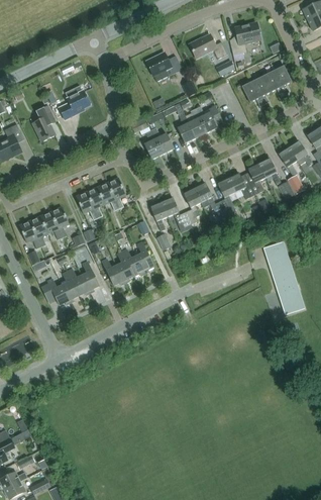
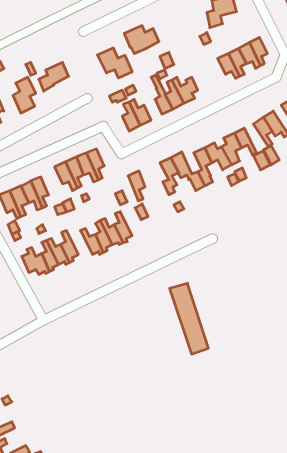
building: [189,34,228,59] -> none
building: none -> [97,48,132,78]
building: [162,196,192,227] -> none
building: [264,241,304,313] -> [170,283,208,354]

